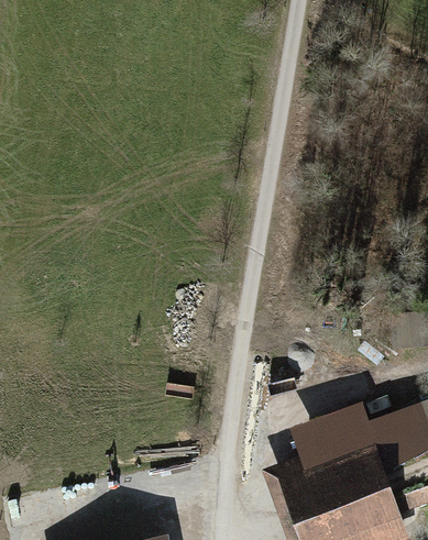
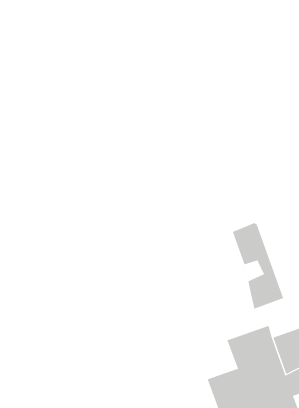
building: none -> [232,222,284,309]

